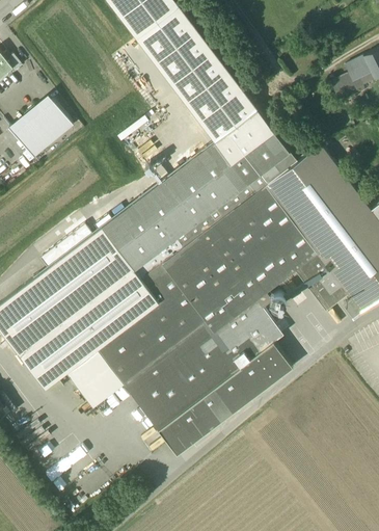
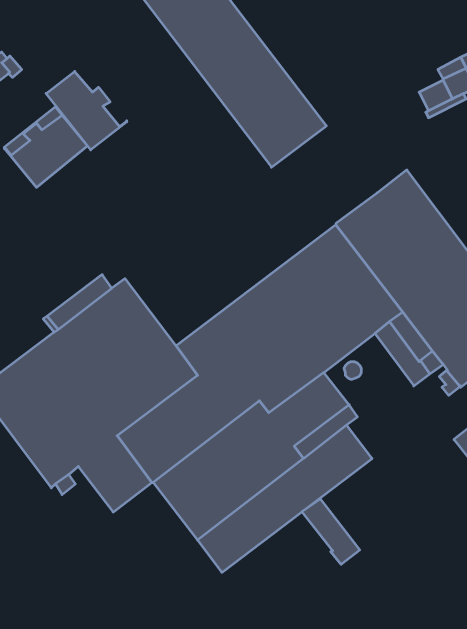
building: none -> [46,71,127,150]
building: [103,109,298,280] -> none
building: none -> [302,499,360,564]

